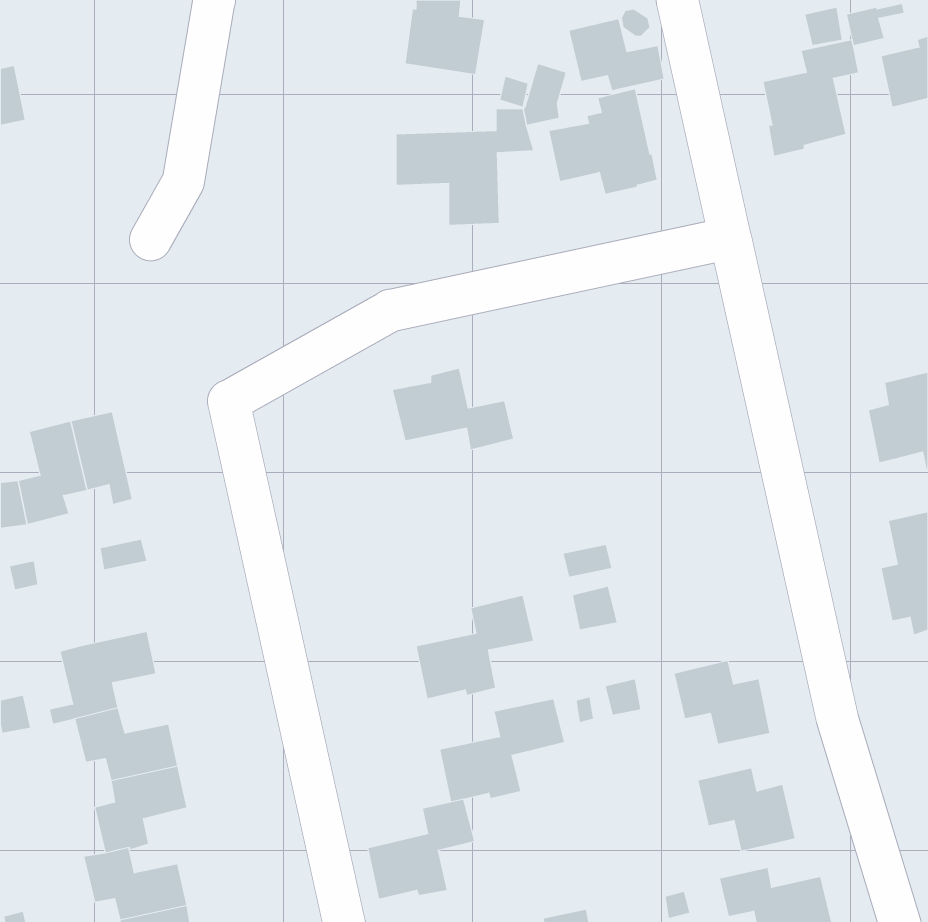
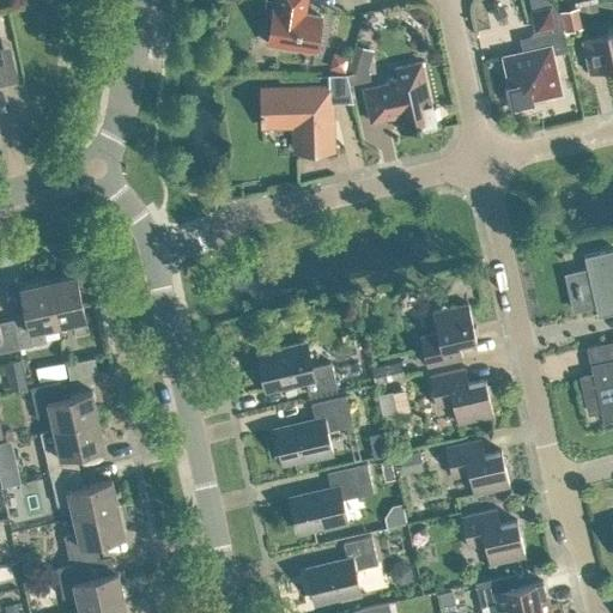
building: [569,18,664,91] -> none
building: [392,368,514,450] -> [256,342,336,396]
building: none -> [419,305,475,368]
building: none -> [429,370,492,424]
building: none -> [30,382,97,430]
building: [368,799,475,899] -> [306,538,377,603]

